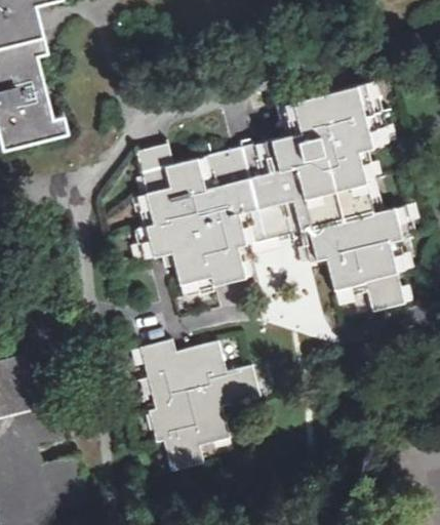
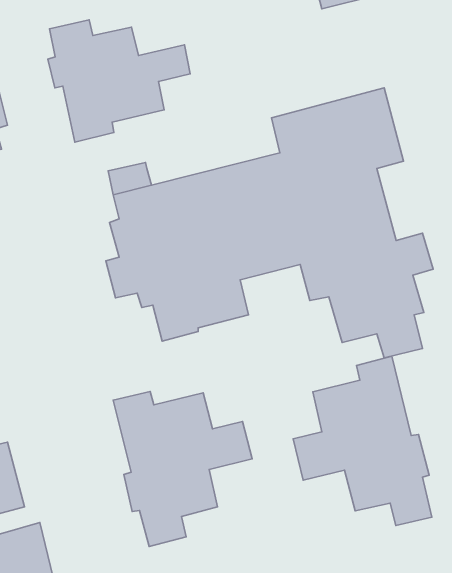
building: none -> [48,20,190,142]
building: none -> [293,356,432,525]

